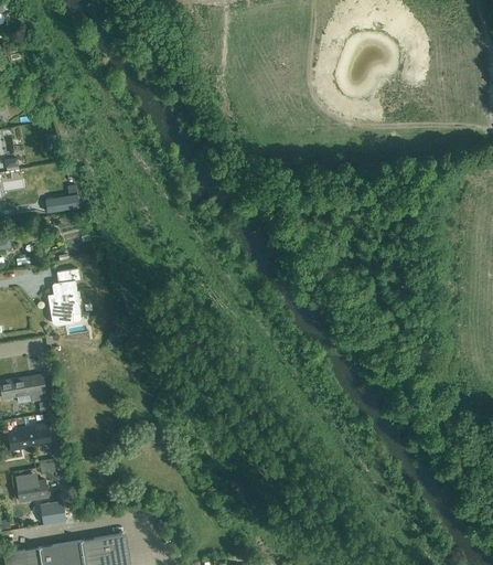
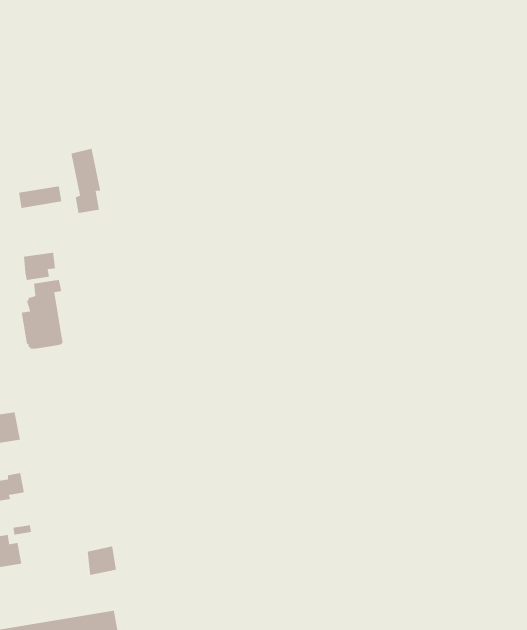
building: none -> [71,148,101,214]
building: none -> [23,252,56,281]
building: [41,500,65,524] -> [87,546,117,576]

